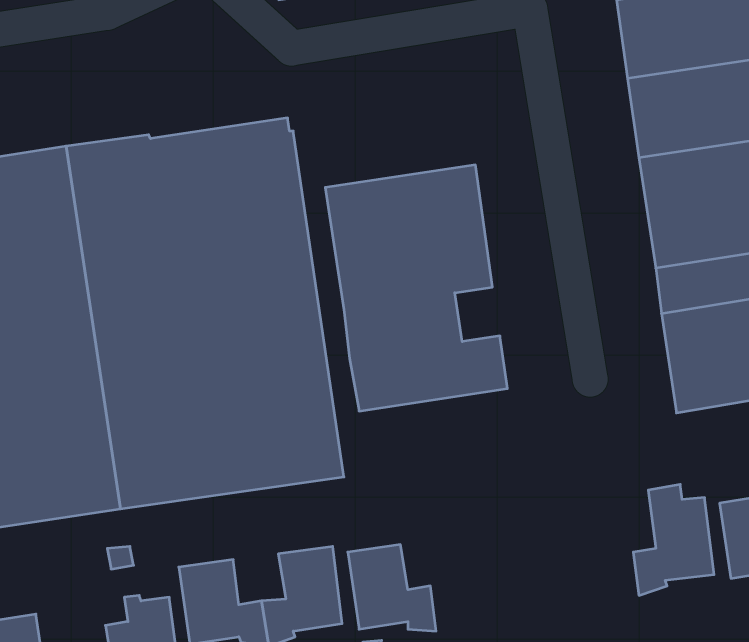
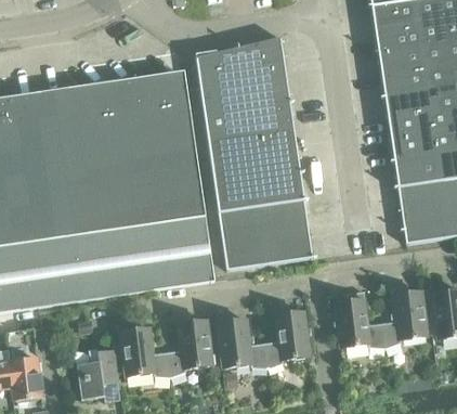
building: none -> [195,37,290,113]
building: none -> [278,170,304,202]
building: none -> [223,229,313,269]
building: none -> [335,290,384,348]
building: none -> [264,311,311,368]

